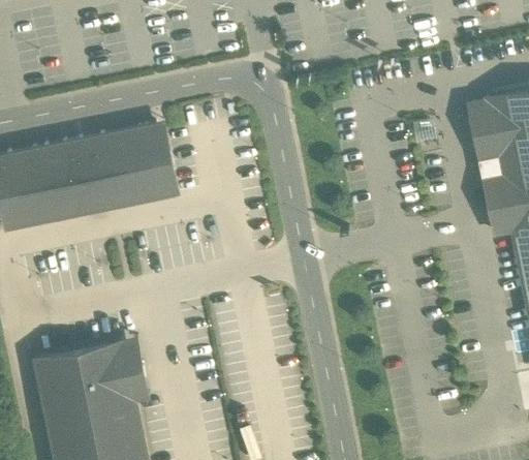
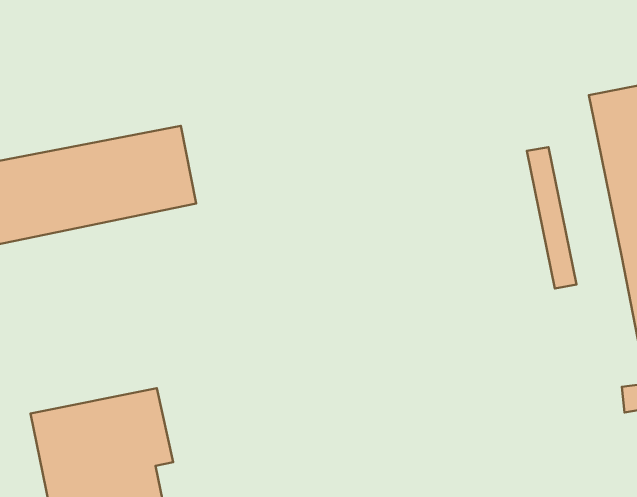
building: [473,121,514,236] -> [527,147,576,288]

